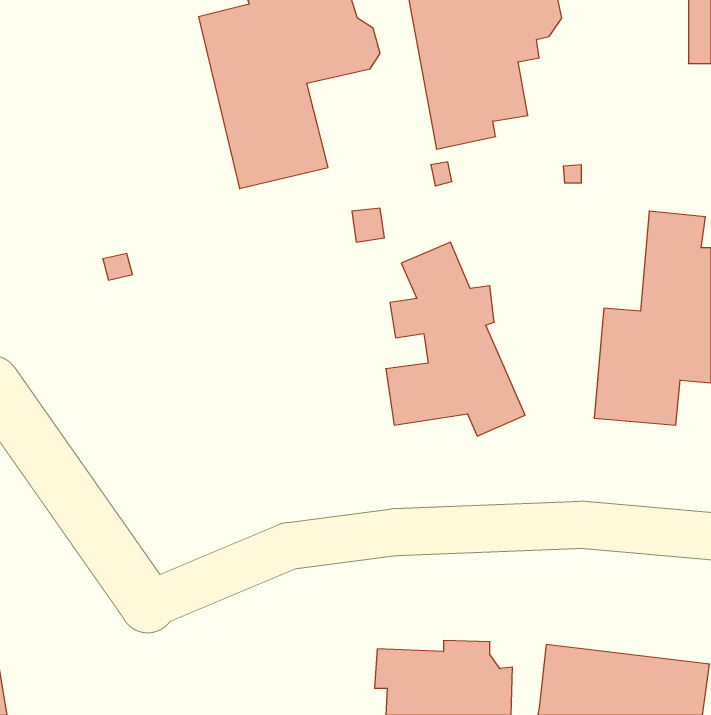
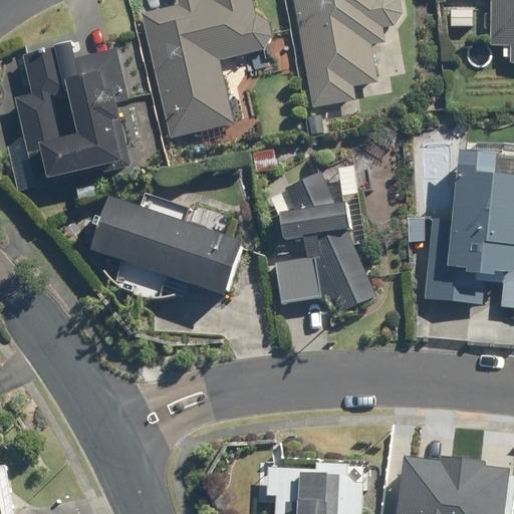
building: none -> [15,44,132,187]
building: none -> [94,199,246,297]

